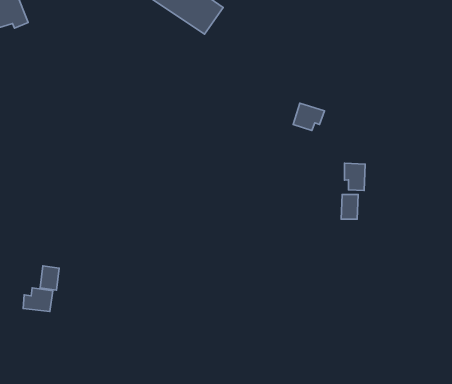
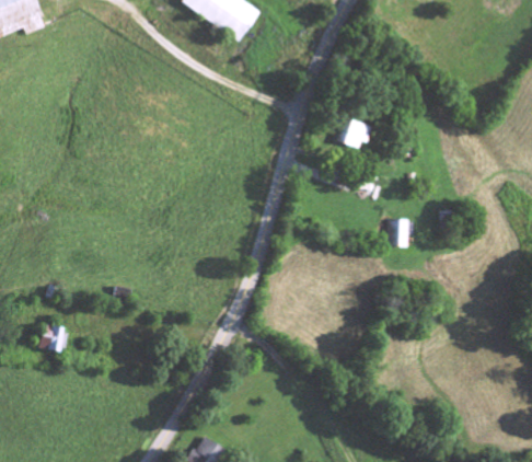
building: [344,163,365,190] -> none
building: [40,266,59,290] -> none

